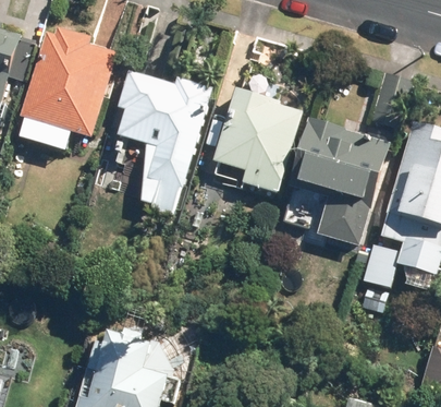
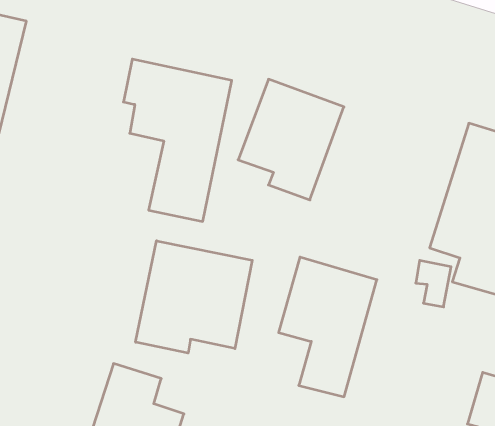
building: [16,28,118,158] -> none
building: [296,122,381,243] -> [279,257,377,397]
building: none -> [136,241,252,353]

